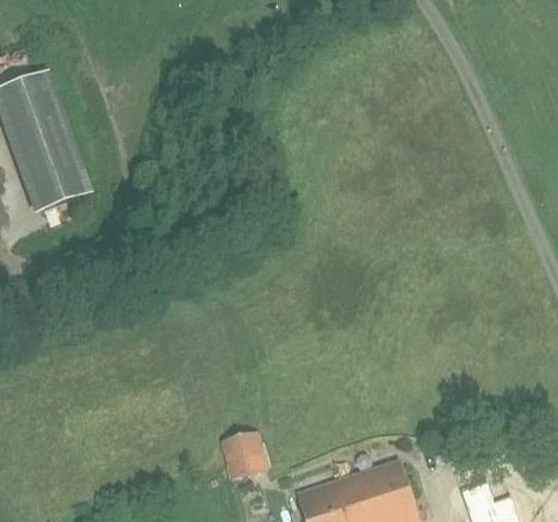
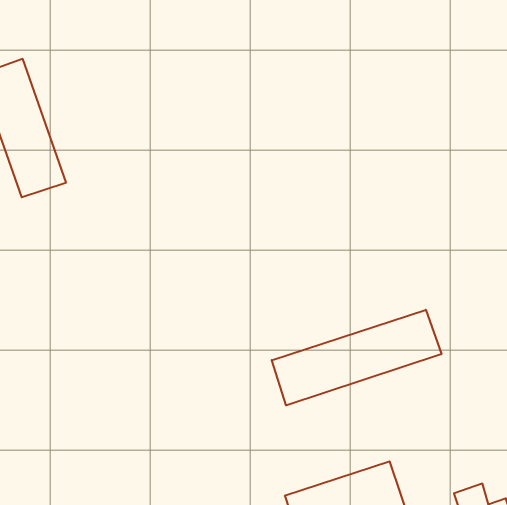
building: none -> [272,310,441,405]
building: [221,431,266,477] -> none

